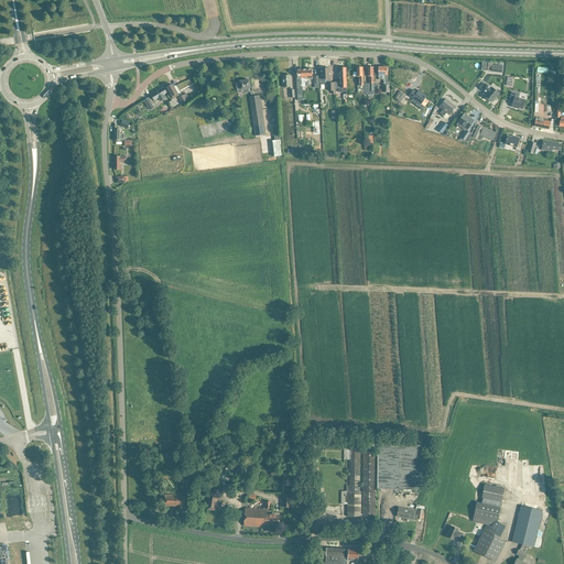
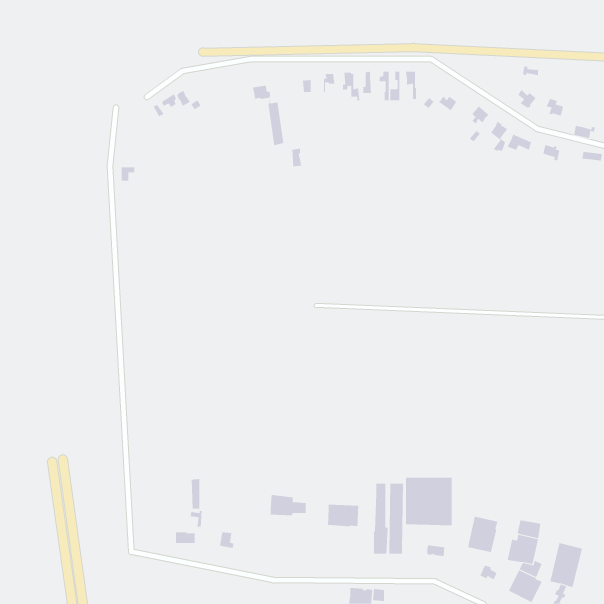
building: none -> [327,504,359,527]
building: none -> [467,516,498,553]
building: [243,507,278,527] -> [270,495,306,516]

